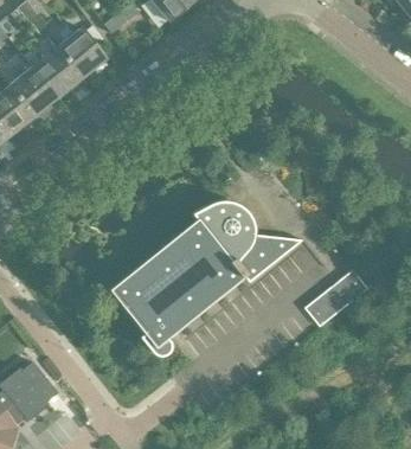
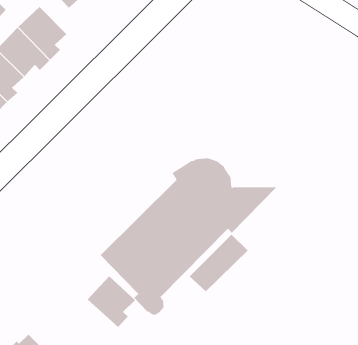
building: [304,268,368,325] -> [189,234,249,292]
building: none -> [87,275,136,328]

